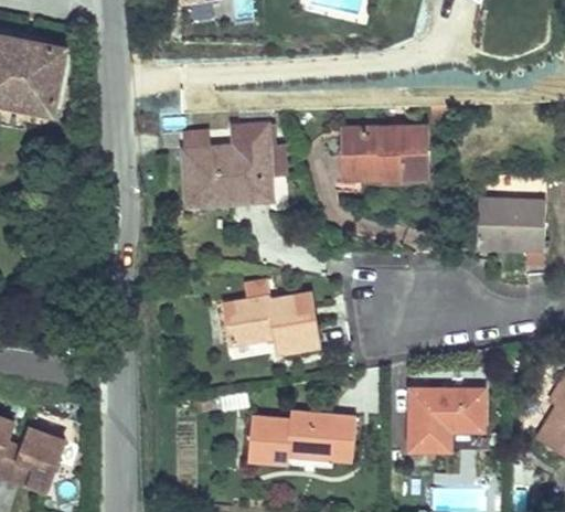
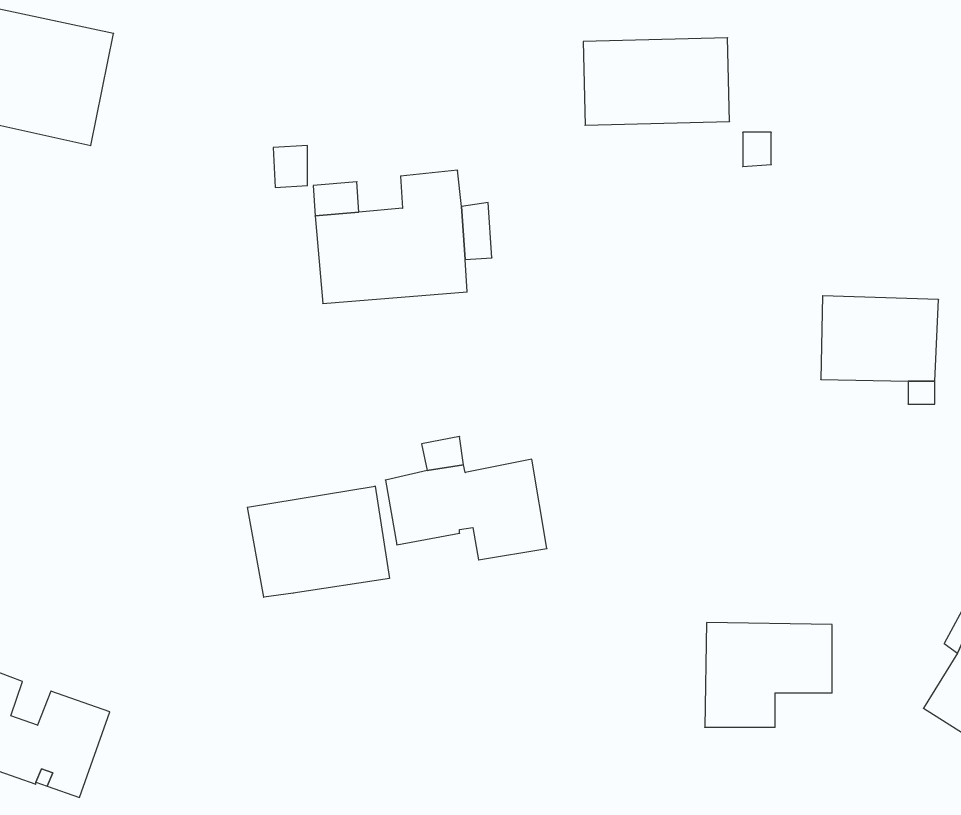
building: [342,128,427,179] -> [583,38,730,125]
building: none -> [247,486,389,597]
building: [247,412,355,465] -> none

